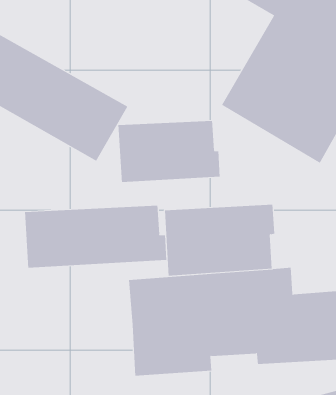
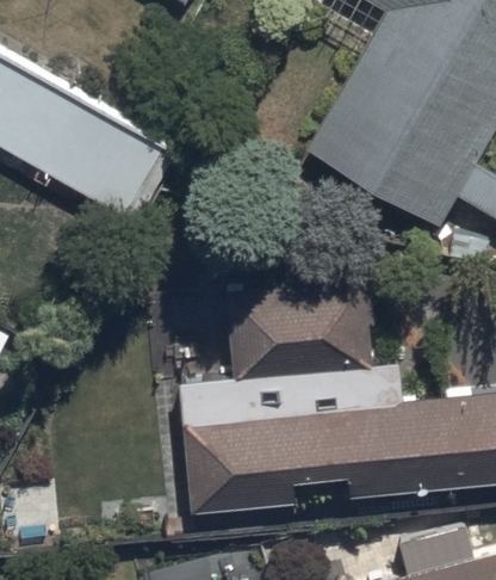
building: [118,120,220,183] -> none
building: [24,205,167,269] -> none

